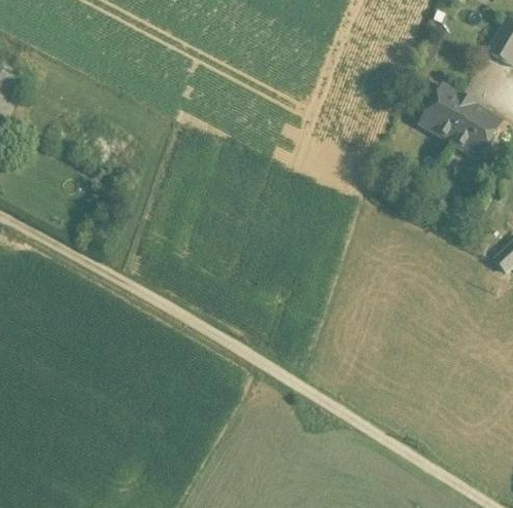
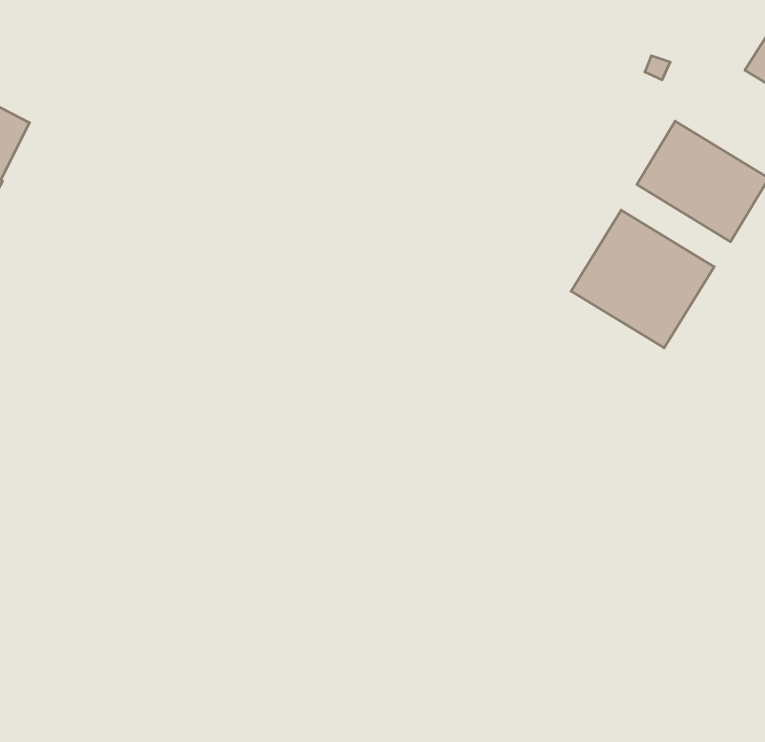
building: none -> [571,210,714,348]

